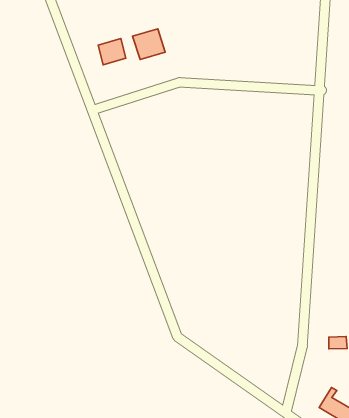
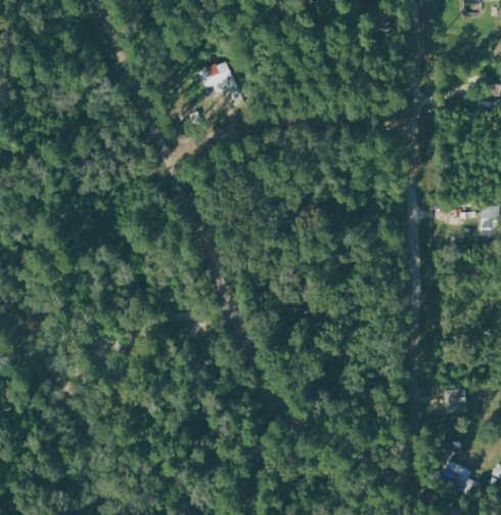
building: [98,38,126,65] -> none

